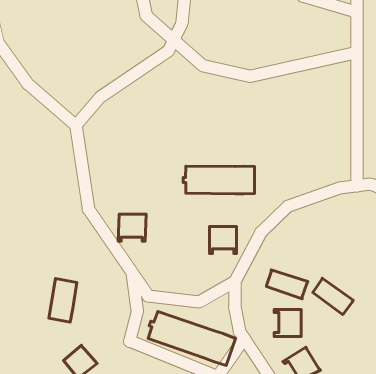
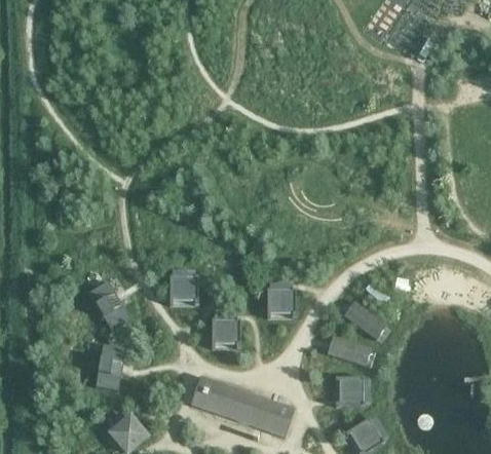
building: [183,166,255,194] -> none
building: none -> [87,280,129,329]
building: none -> [211,318,239,348]
building: [313,278,353,315] -> [343,300,386,339]

